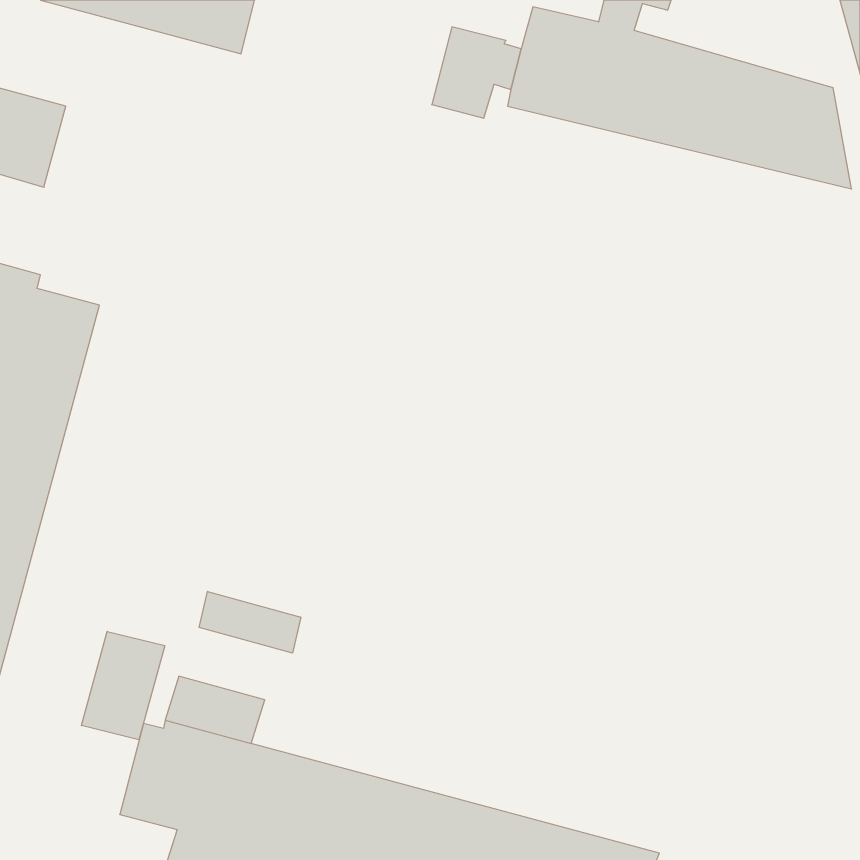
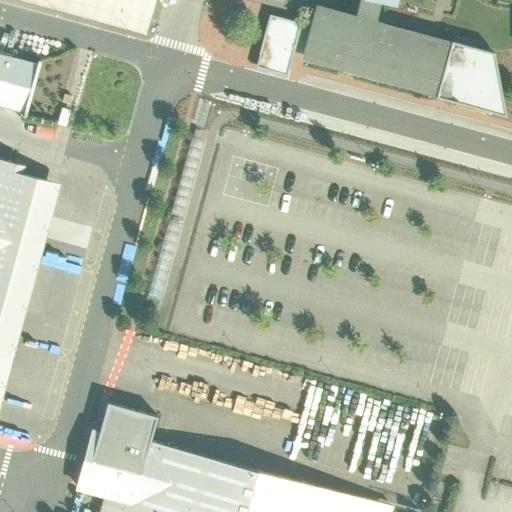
building: [199,591,301,653] -> none
building: [81,631,165,740] -> none

